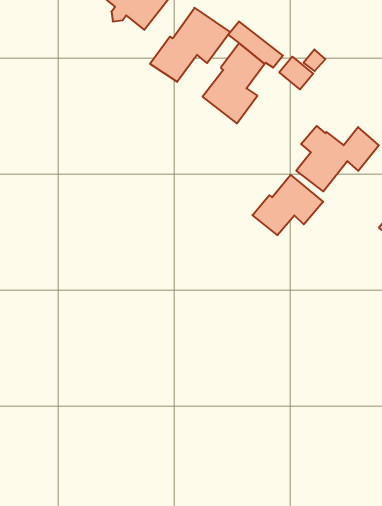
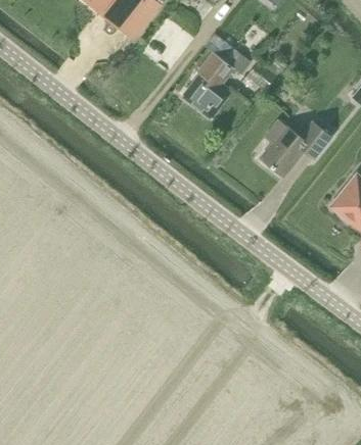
building: [150,8,230,82] -> none
building: [252,175,323,235] -> none

